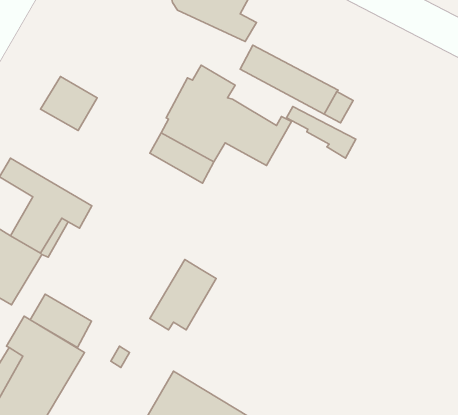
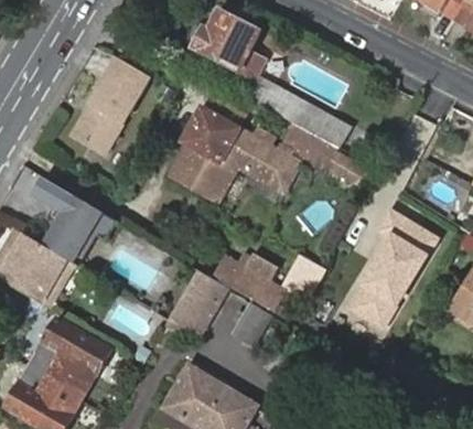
building: none -> [90,56,152,125]
building: none -> [346,210,430,324]
building: none -> [214,254,325,309]
building: [30,294,91,348] -> none

